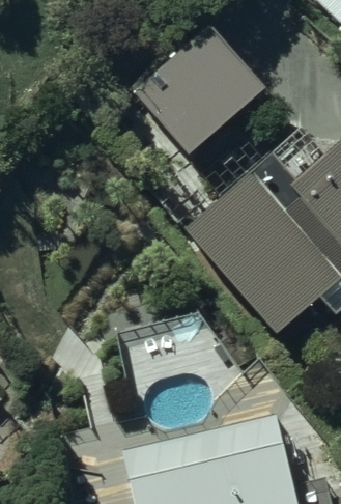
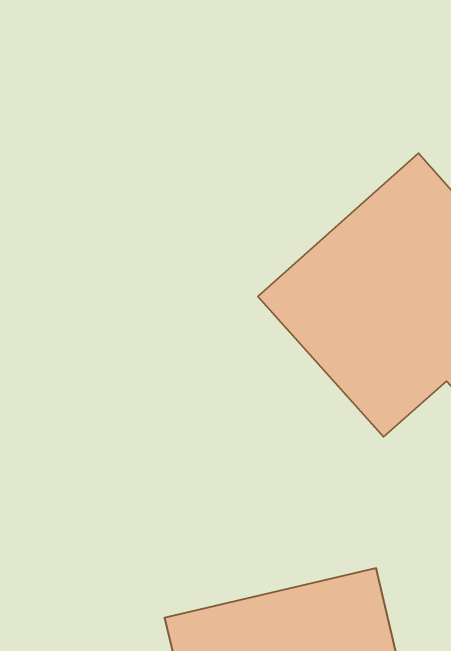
building: [133,41,255,163] -> none

